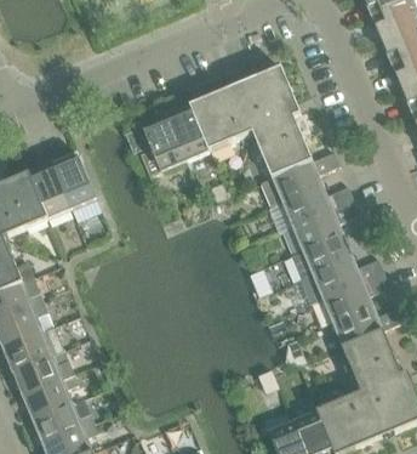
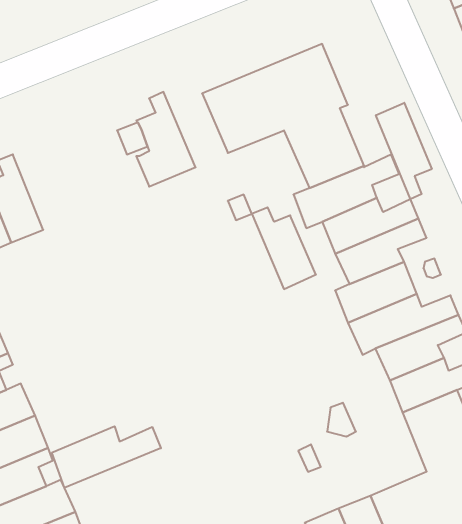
building: [161,97,210,159] -> [252,207,316,289]
building: none -> [376,103,432,199]
building: [47,144,96,206] -> none
building: none -> [52,426,161,488]

